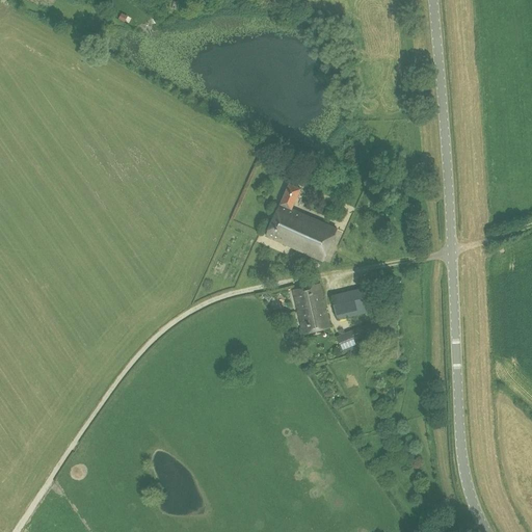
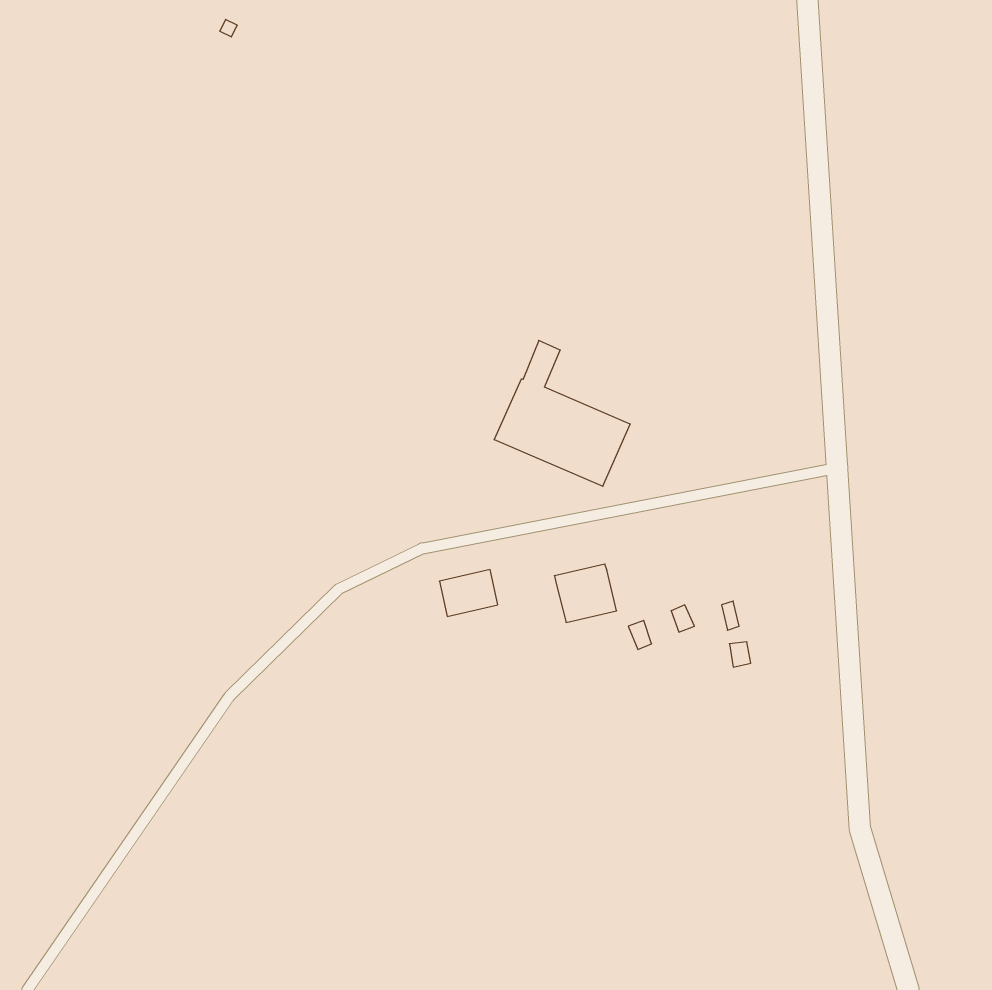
building: [292,283,323,308] -> [439,570,498,616]
building: [339,292,367,315] -> none

